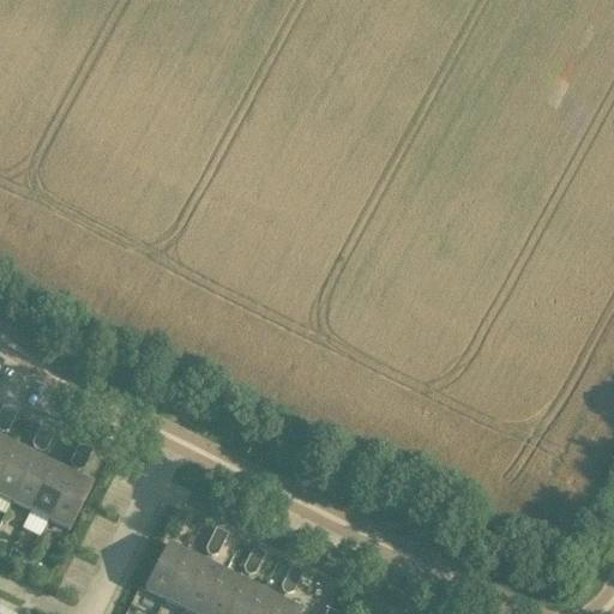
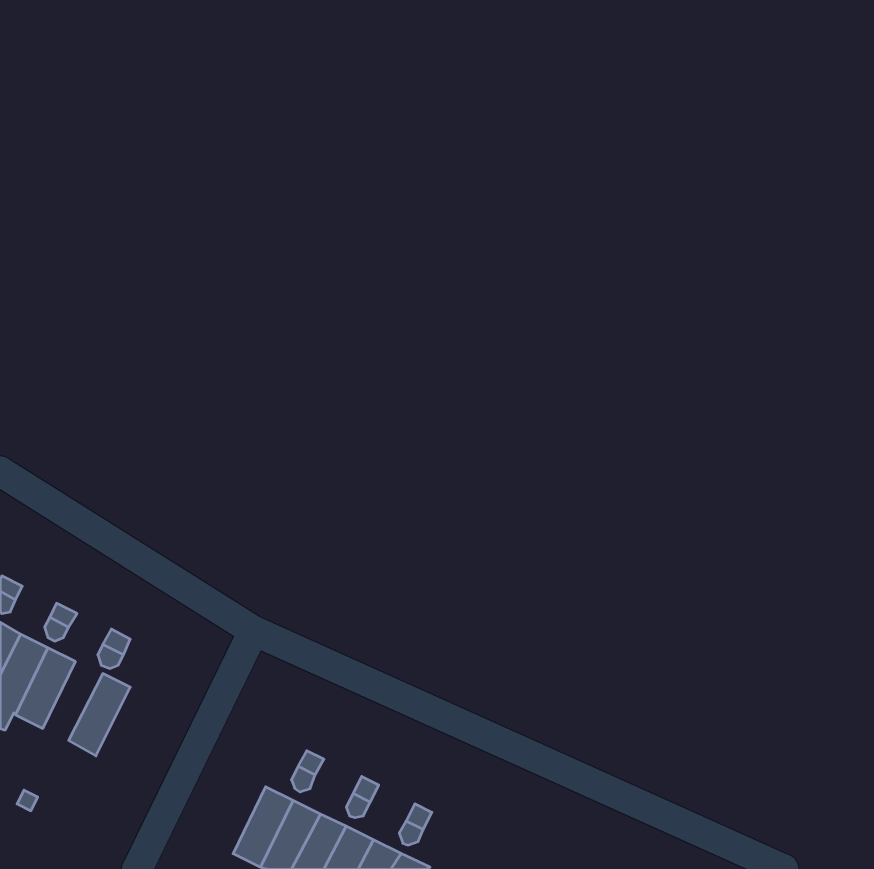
building: [31,463,73,518] -> none
building: [144,541,187,597] -> none

